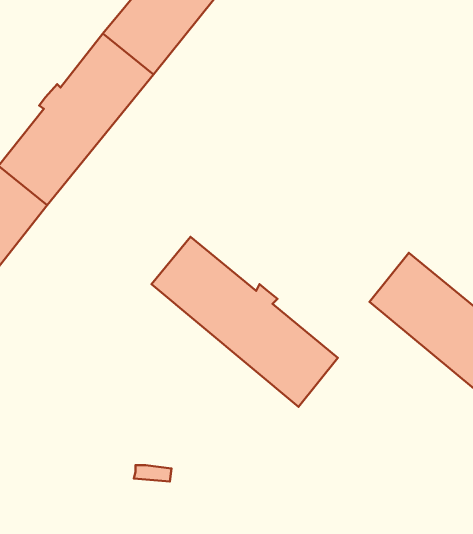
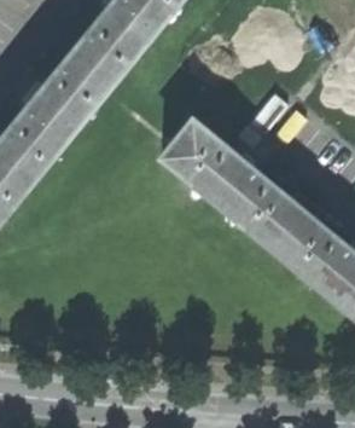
building: [151,237,338,407] -> [164,117,302,243]

